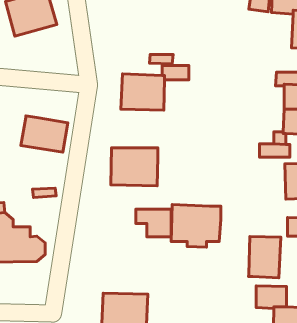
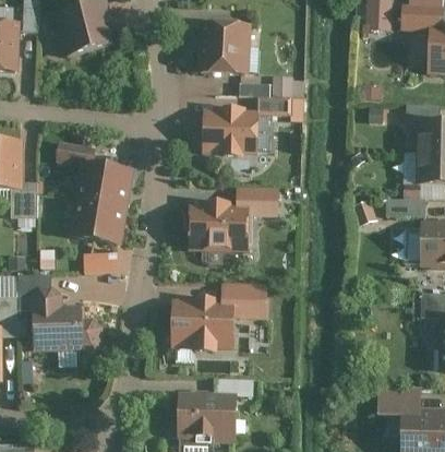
building: none -> [196,21,251,74]
building: none -> [56,140,96,163]
building: none -> [237,185,278,214]
building: none -> [65,199,127,243]
building: [171,204,221,247] -> [171,298,236,354]
building: [249,237,281,278] -> none

